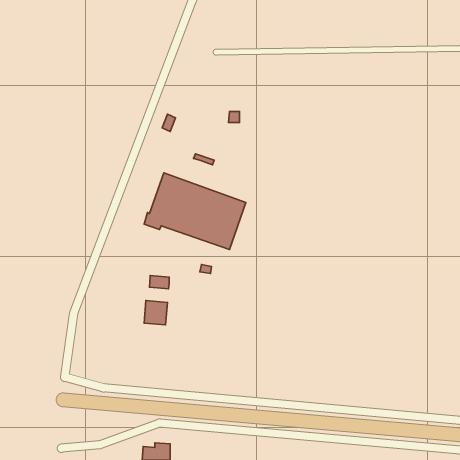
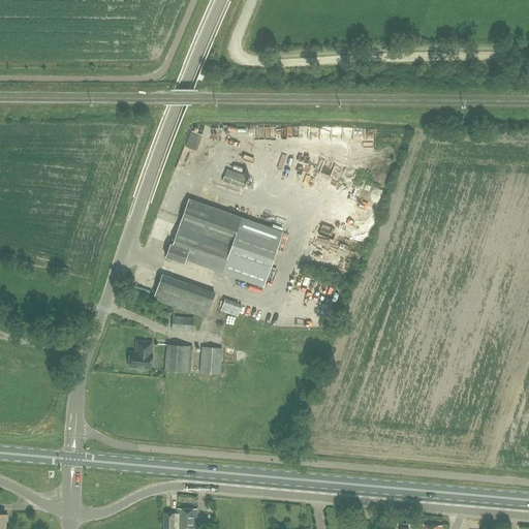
building: none -> [153,275,214,317]
building: none -> [127,341,152,369]
building: none -> [200,347,222,374]

